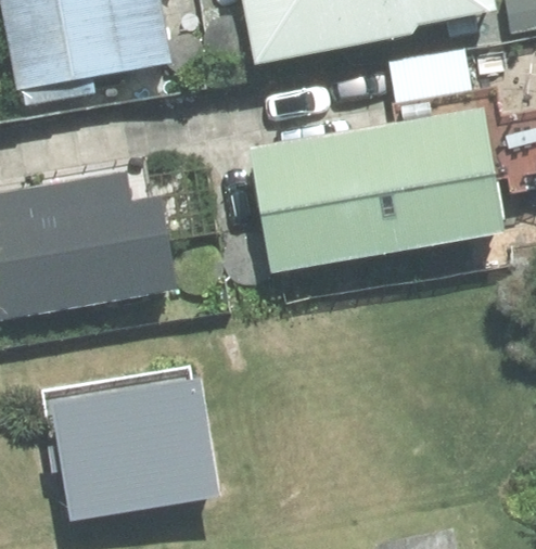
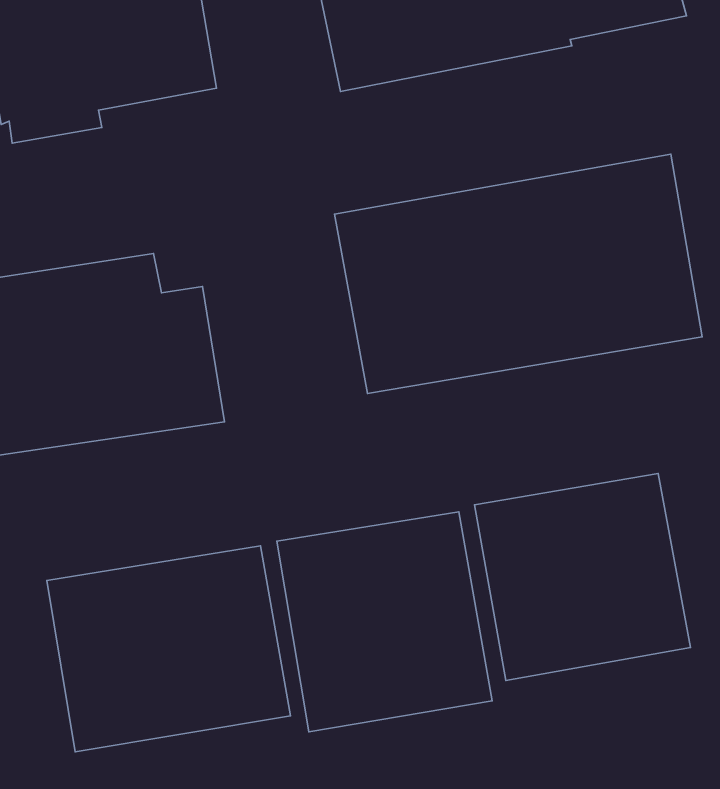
building: none -> [475,473,690,681]
building: none -> [277,512,492,732]

